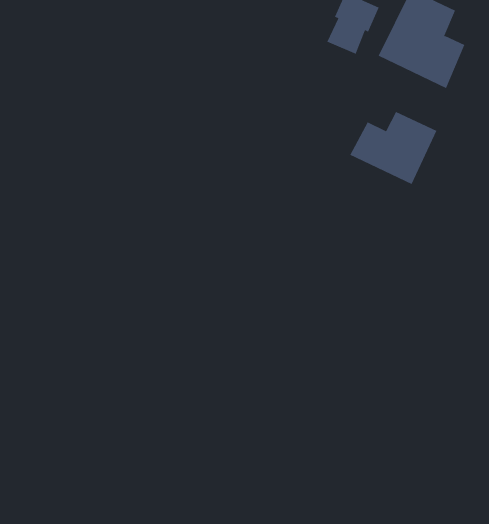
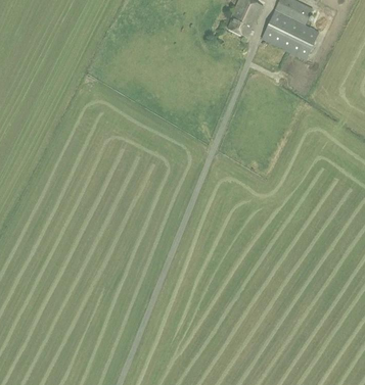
building: [350,111,437,185] -> none

